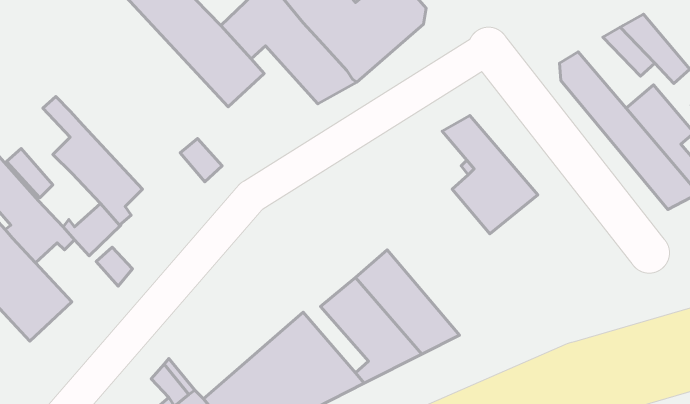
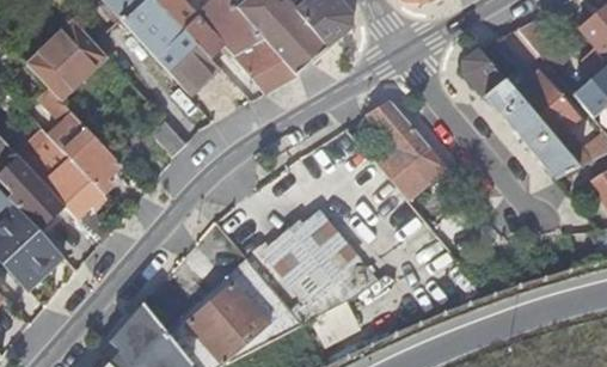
building: none -> [25,19,105,98]

